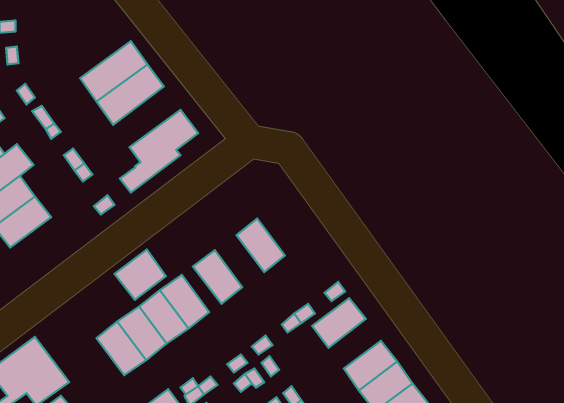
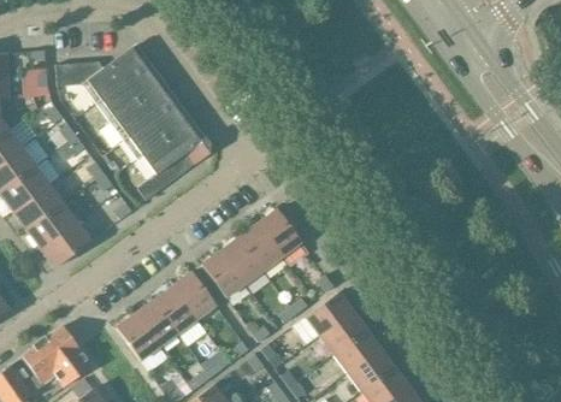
building: none -> [57,47,147,100]
building: none -> [131,107,190,160]
building: none -> [258,208,301,255]
building: none -> [41,221,90,267]
building: none -> [220,237,264,283]
building: [114,250,166,300] -> none
building: none -> [320,311,366,354]

